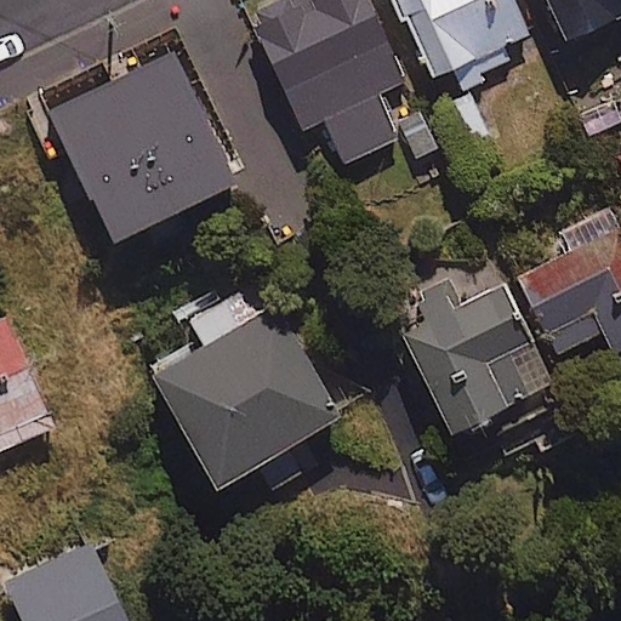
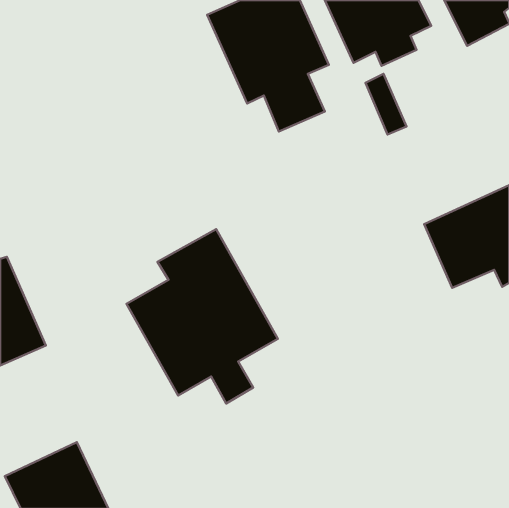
building: [53,49,237,235] -> none
building: [400,278,556,435] -> none

